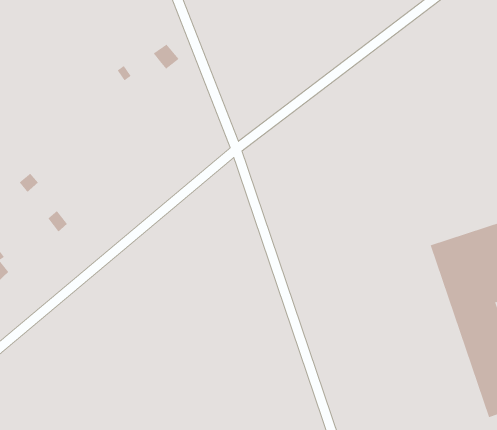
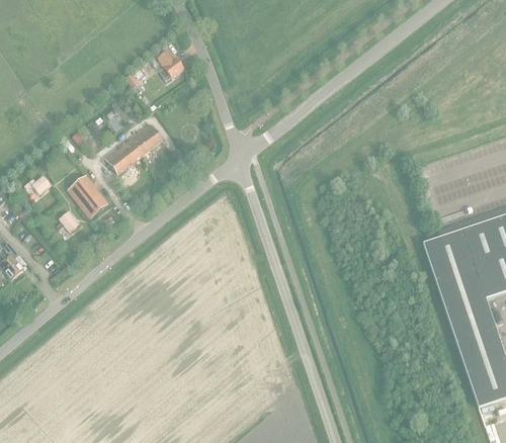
building: none -> [106,123,164,174]
building: none -> [70,174,110,216]

